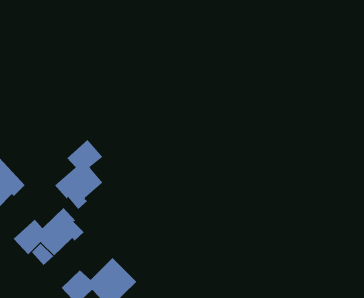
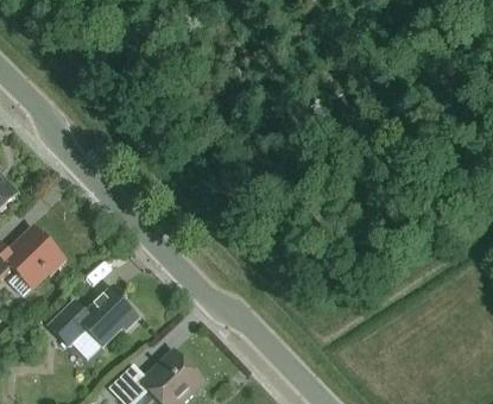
building: [54,139,103,210] -> none

